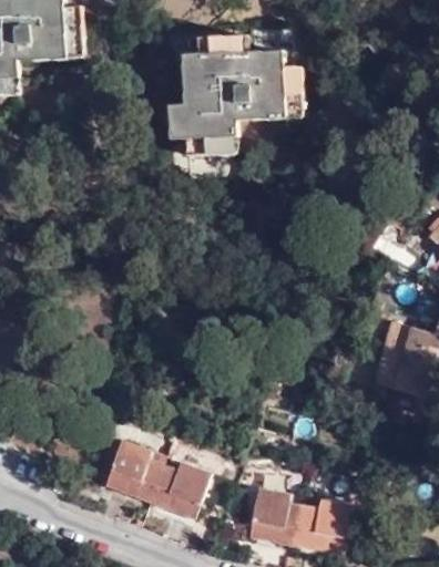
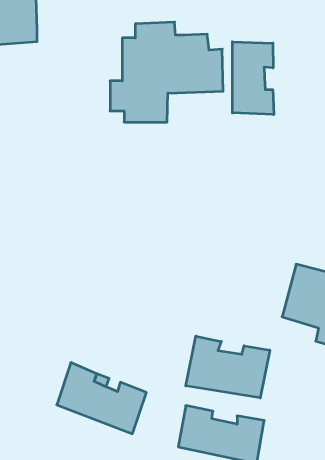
building: none -> [232,42,274,115]
building: none -> [186,336,270,398]

